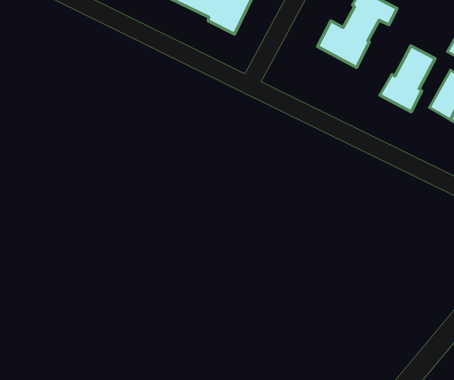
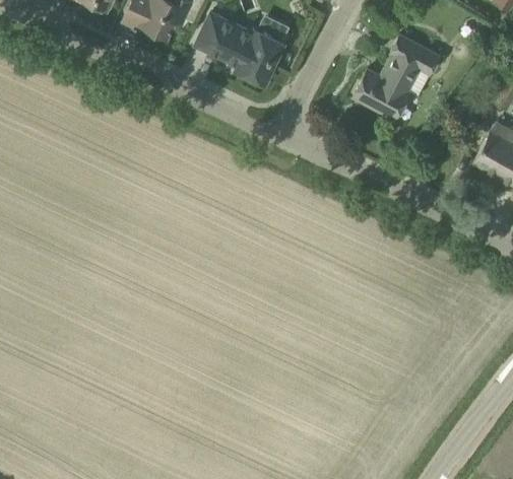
building: [380,46,435,112] -> none

